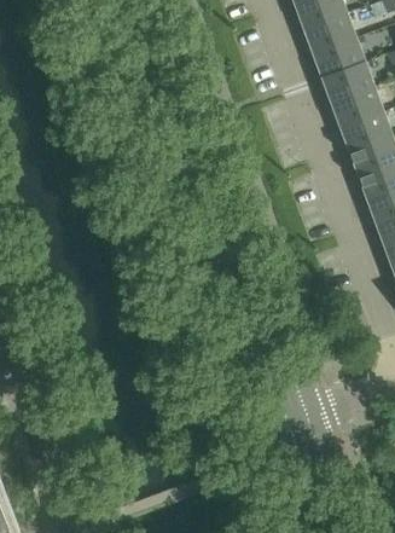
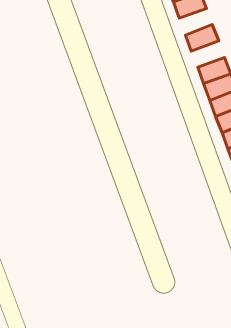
building: [304,15,354,54] -> none
building: [323,63,372,103] -> none

